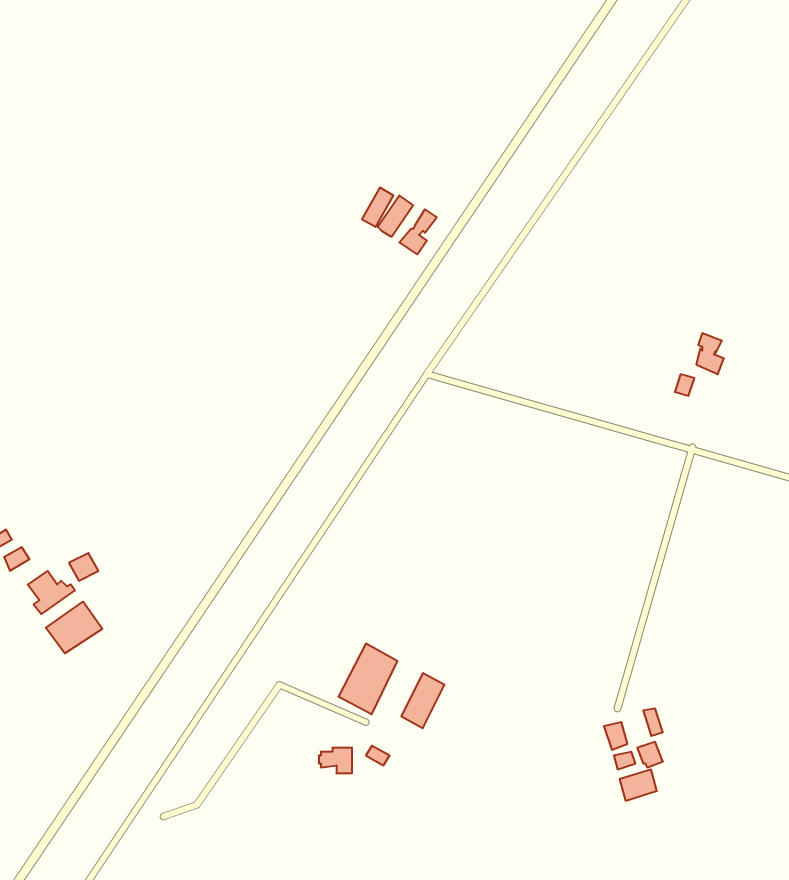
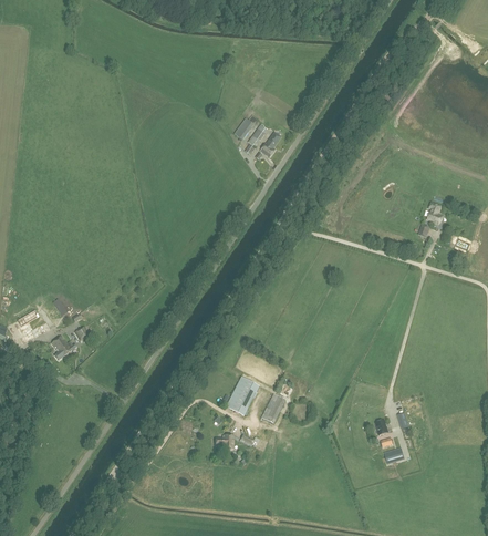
building: [46,602,102,653] -> none

